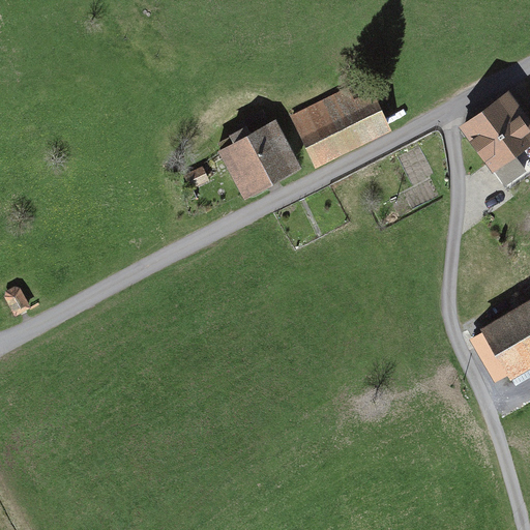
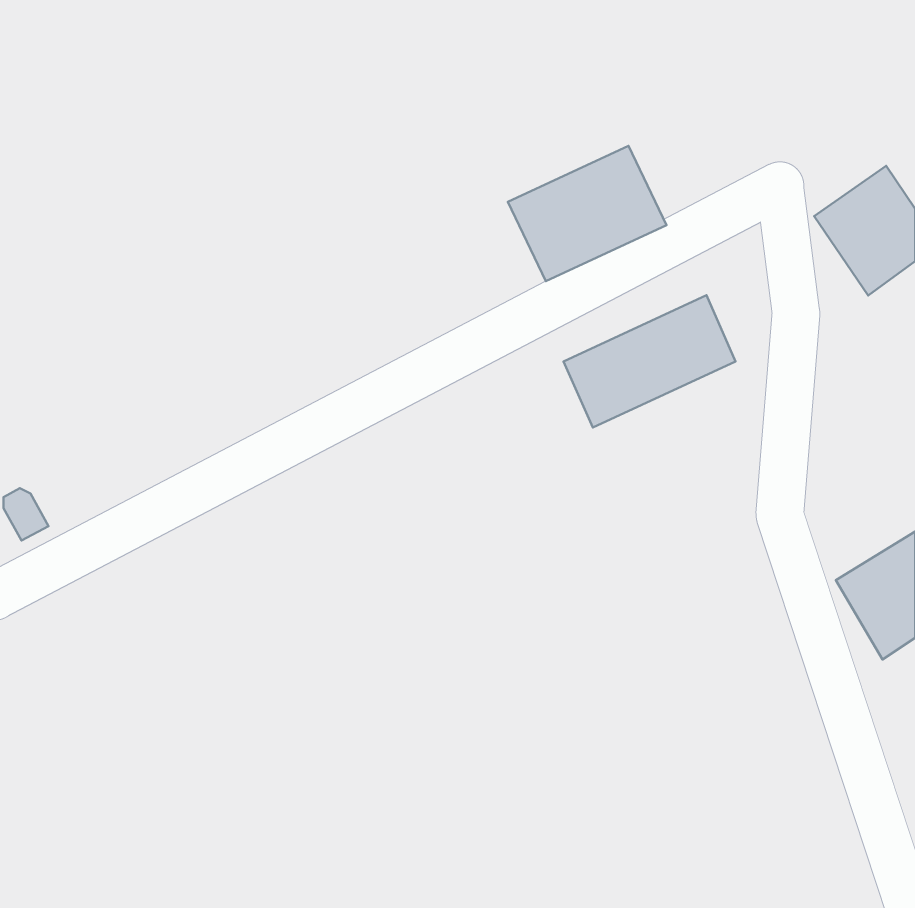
building: [226,127,296,194] -> none
building: none -> [564,295,736,427]

